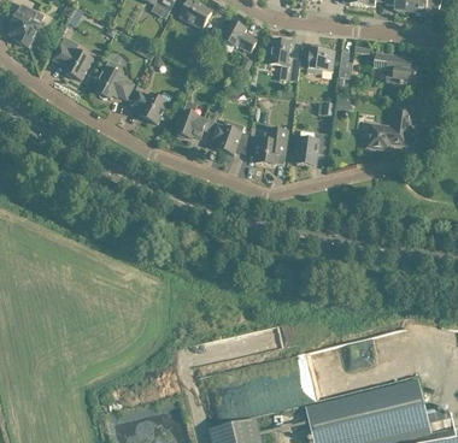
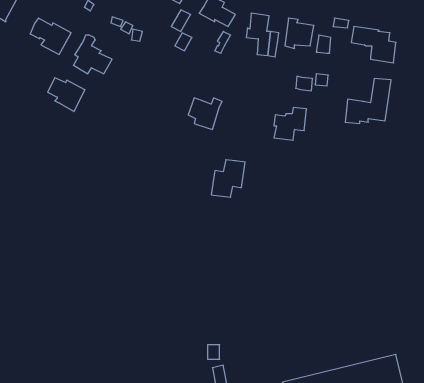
building: [130,90,168,124] -> [48,78,85,112]
building: [175,110,207,138] -> none
building: [254,128,288,165] -> [211,160,245,197]

